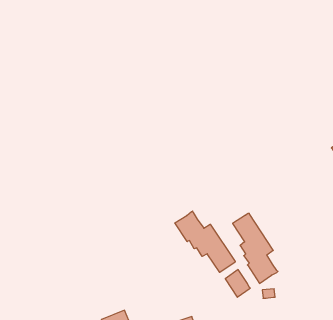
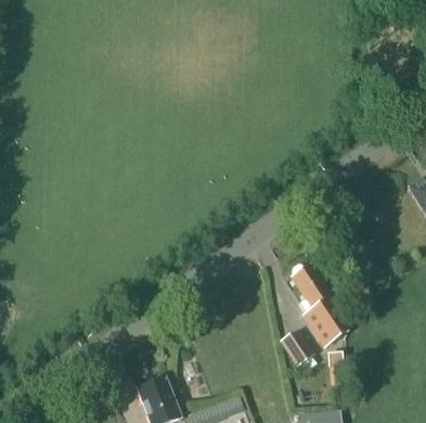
building: [175,211,235,272] -> none

